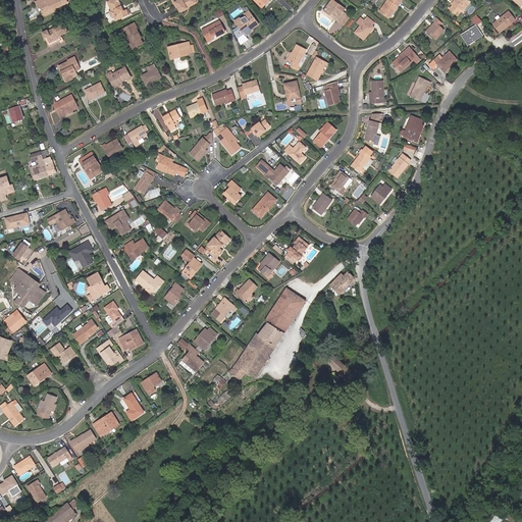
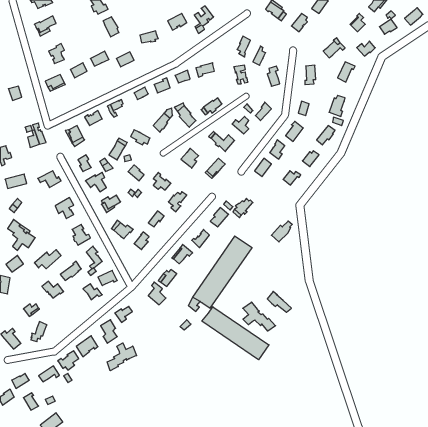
building: none -> [243,302,276,331]
building: none -> [202,307,269,360]
building: none -> [107,343,137,371]

